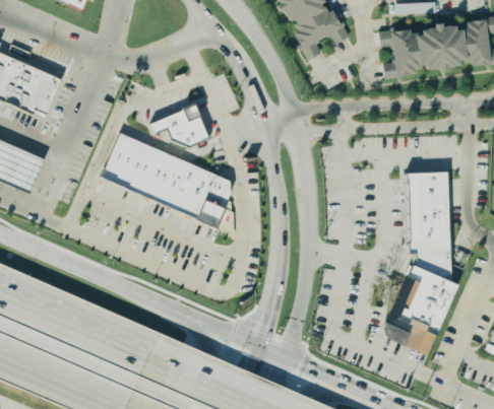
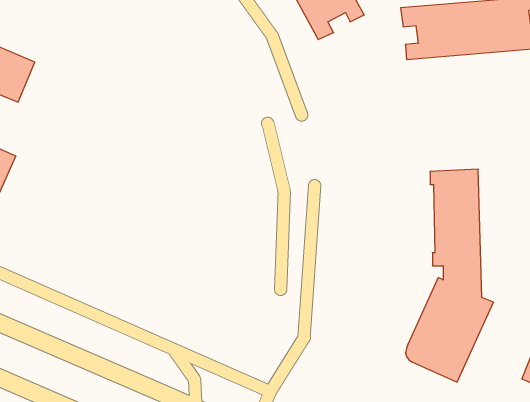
building: [150,103,209,147] -> none
building: [100,129,232,228] -> none

